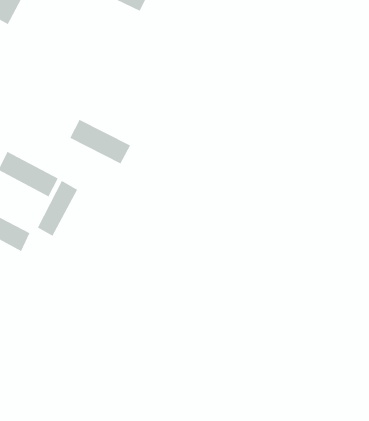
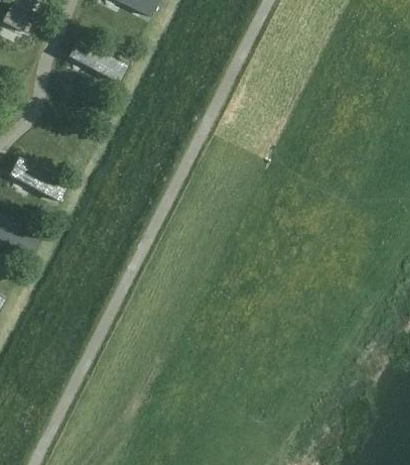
building: [69,119,131,164] -> [66,38,128,84]
building: [37,180,78,237] -> none

